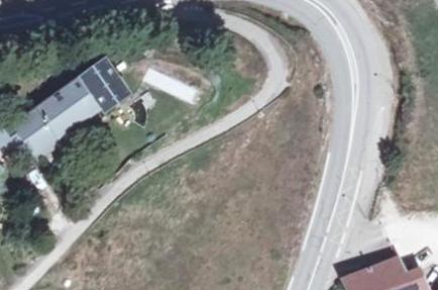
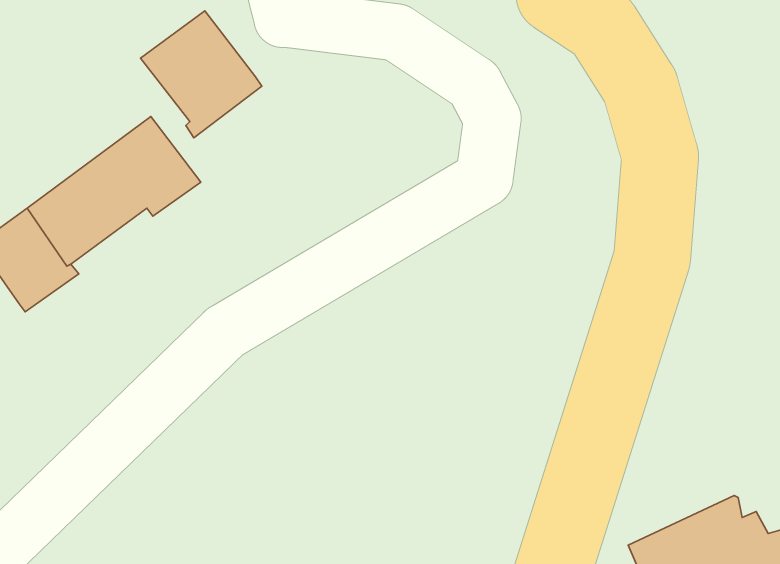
building: none -> [141,11,262,138]

